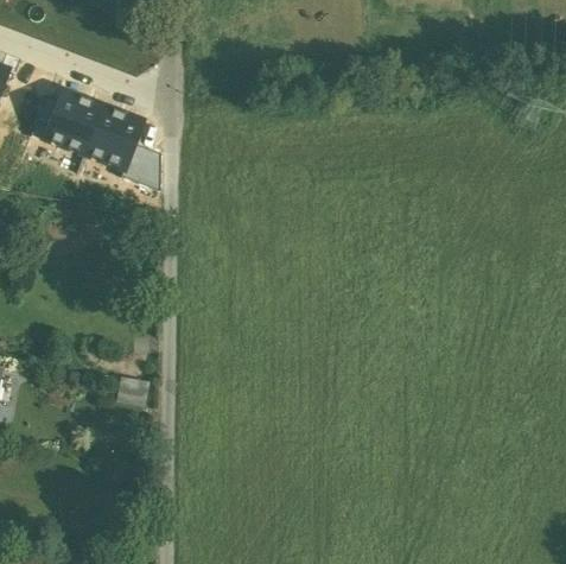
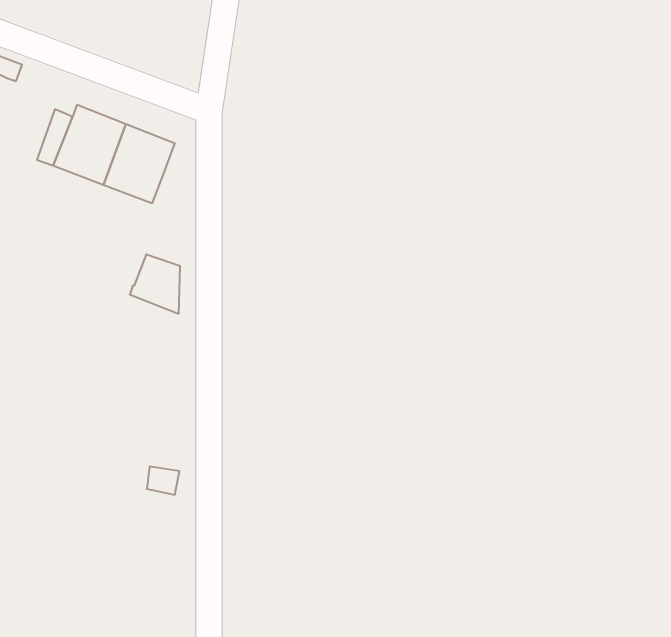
building: [119,141,159,189] -> [130,254,180,314]

